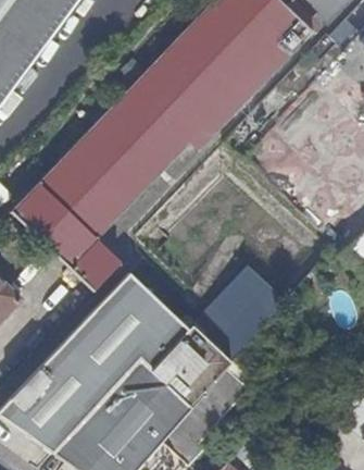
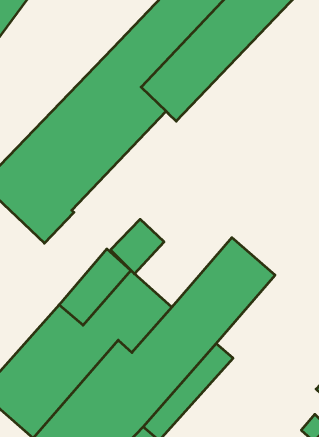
building: [68,239,120,292] -> [111,219,164,274]

